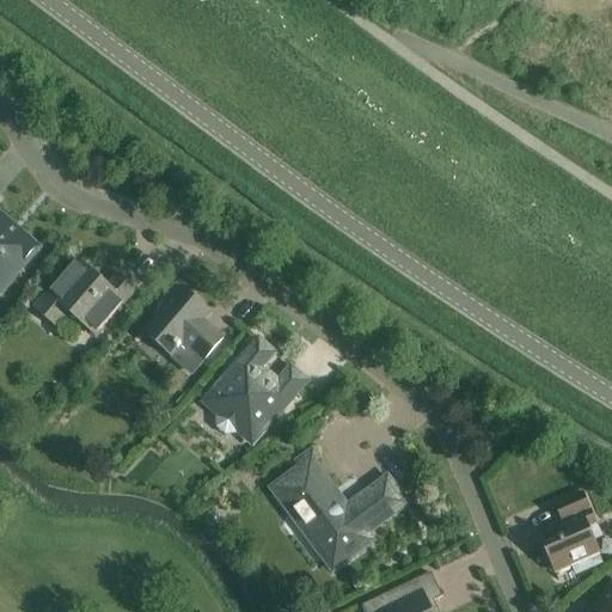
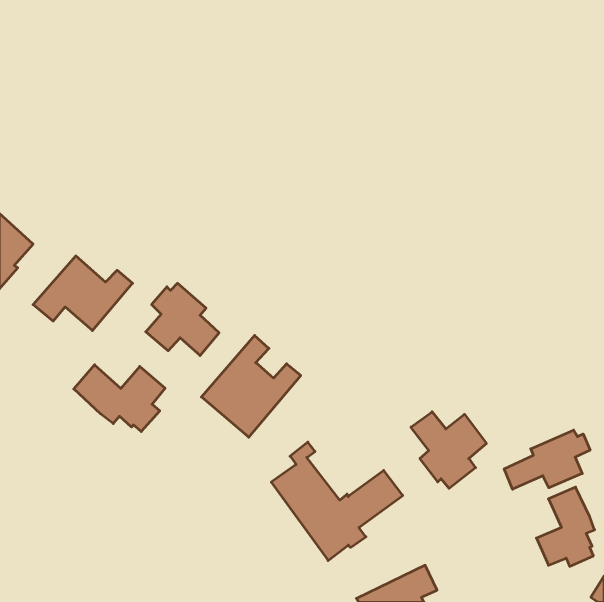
building: none -> [74,365,165,432]
building: none -> [411,412,486,488]
building: none -> [504,430,590,489]

